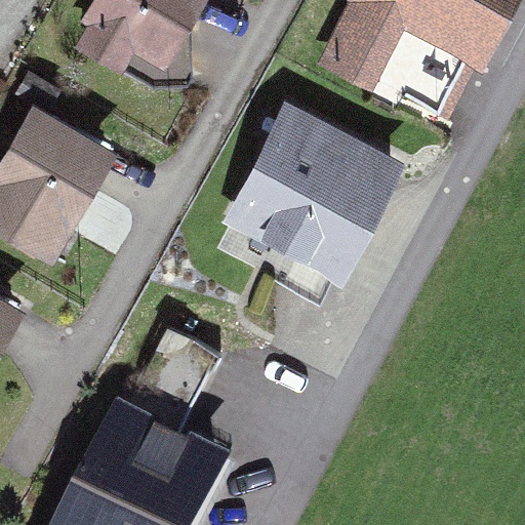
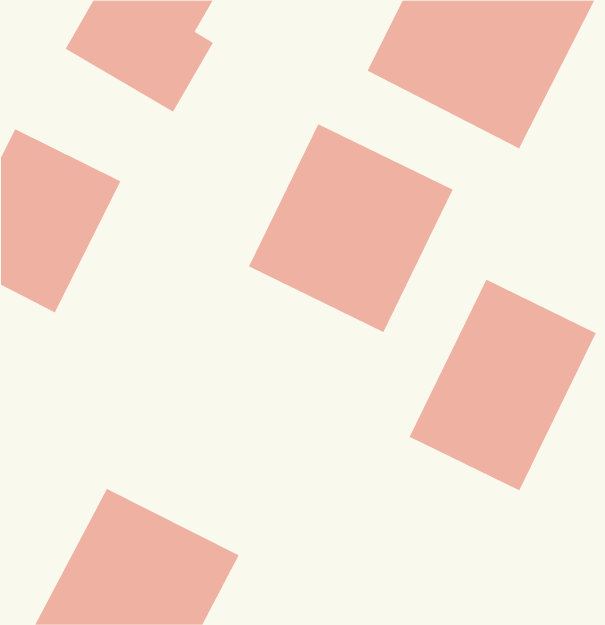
building: none -> [409,279,596,491]

